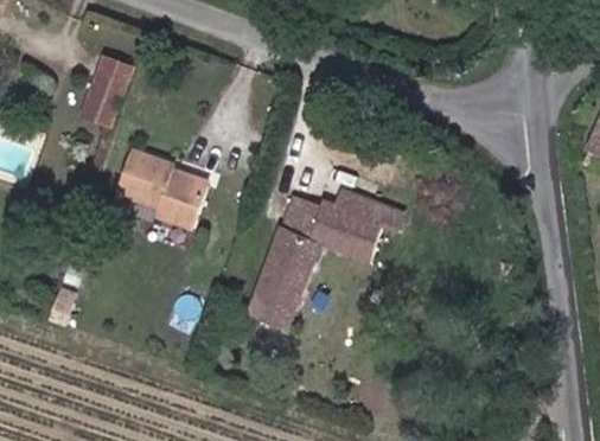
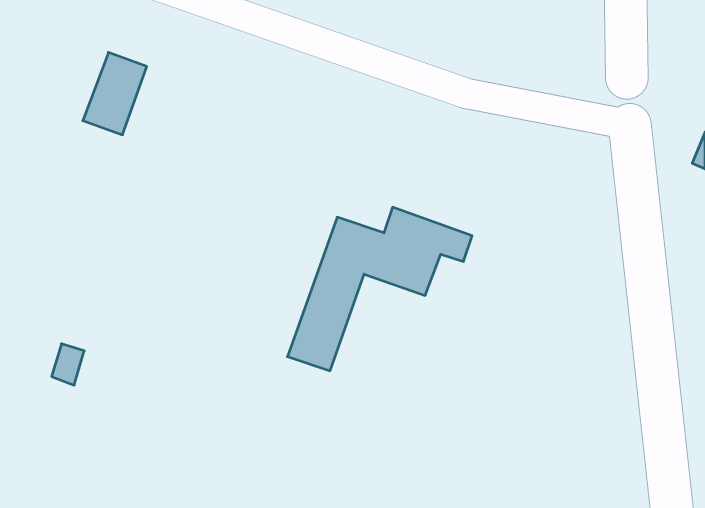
building: [116,148,208,230] -> none

